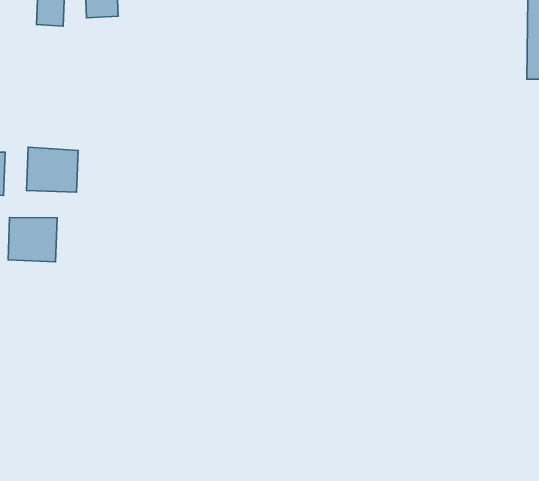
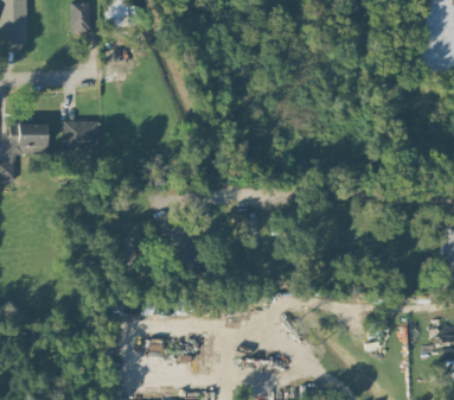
building: [8,218,57,262] -> none

